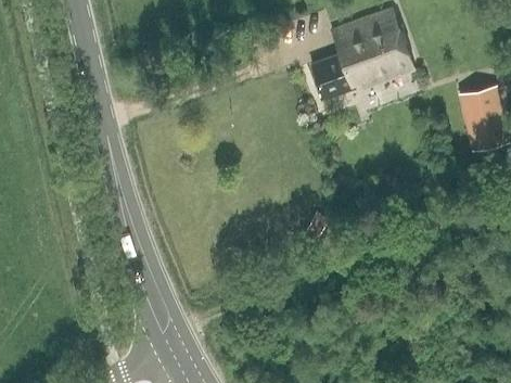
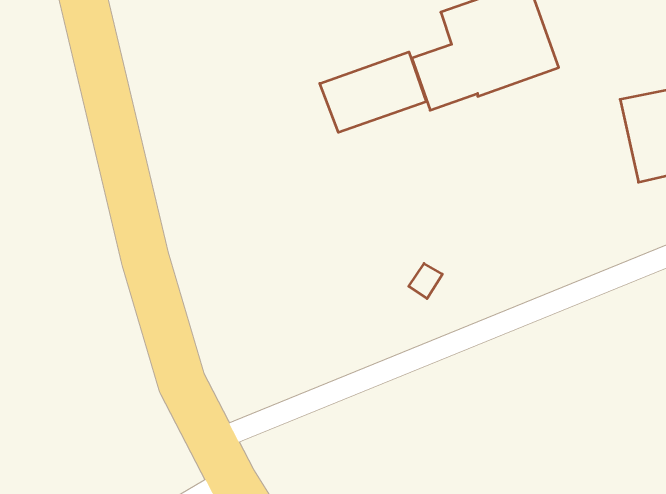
building: none -> [320,52,426,132]

